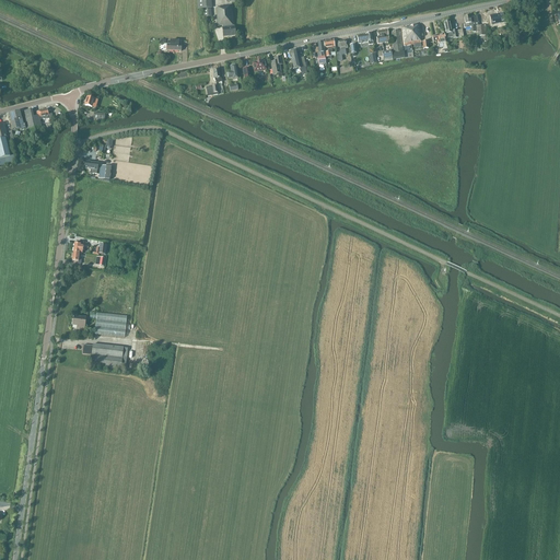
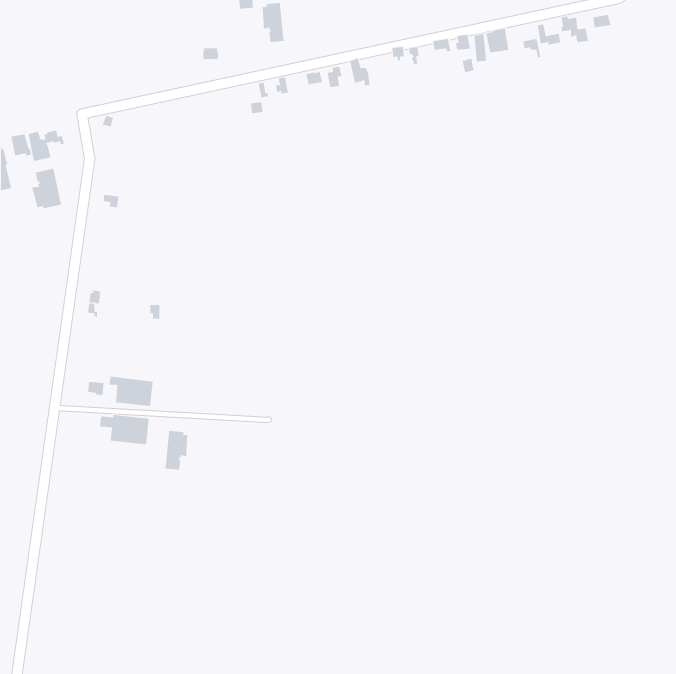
building: none -> [31,168,62,209]
building: none -> [165,430,188,471]

